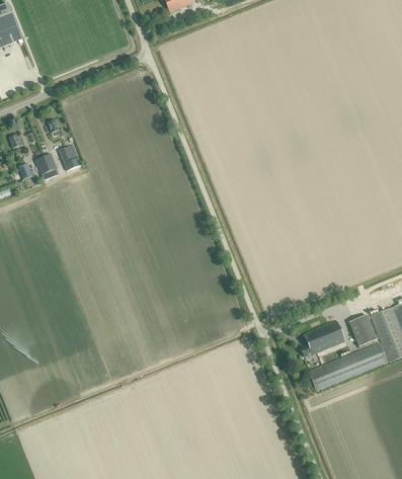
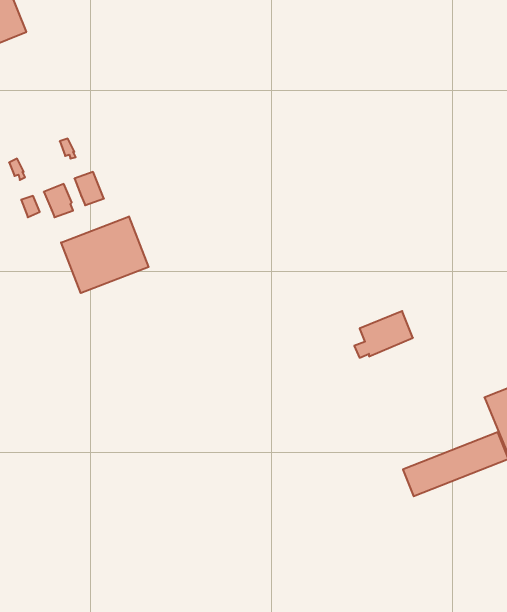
building: none -> [61,216,149,293]
building: [349,314,377,345] -> none
building: [300,320,344,355] -> [354,311,413,358]

